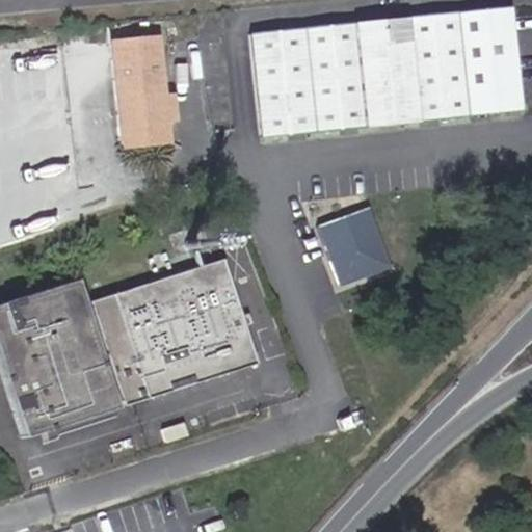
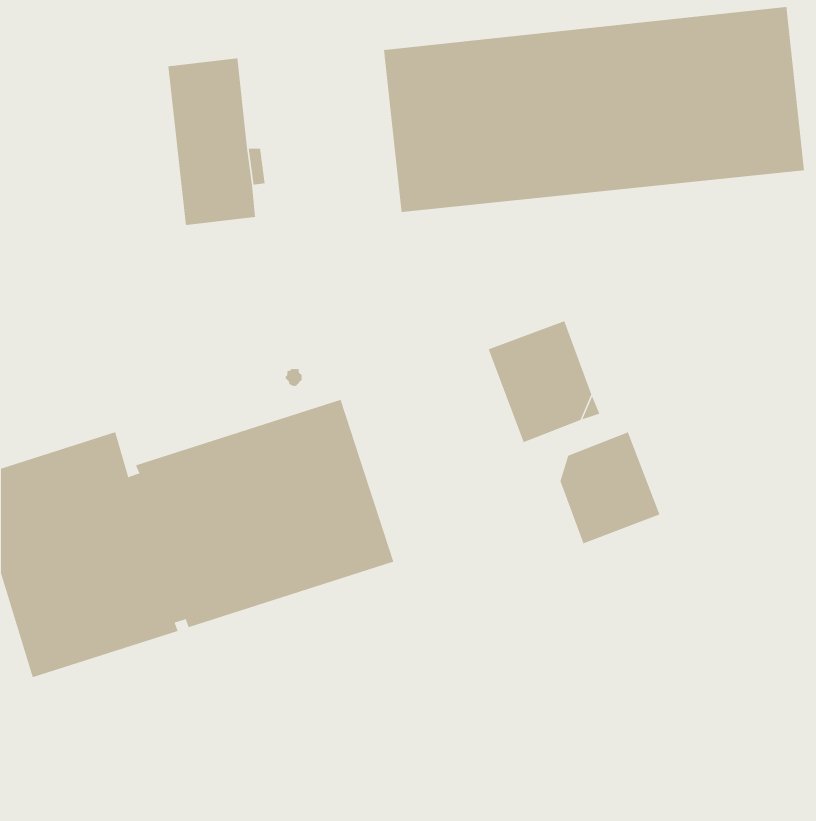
building: none -> [560,432,660,544]

